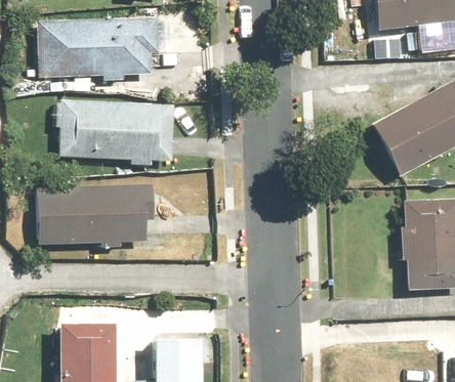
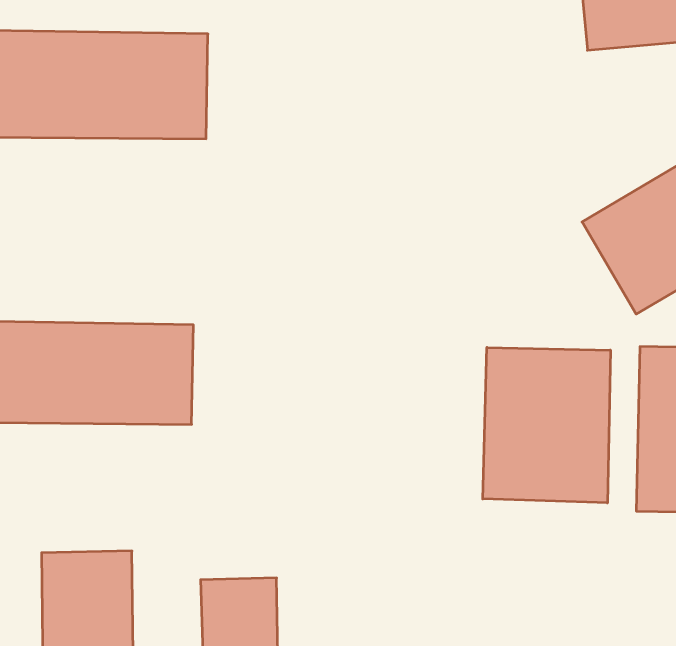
building: [58,100,173,163] -> none
building: none -> [483,347,610,503]

